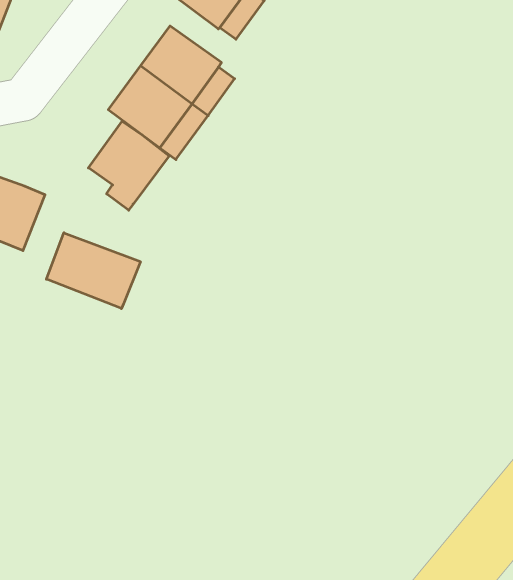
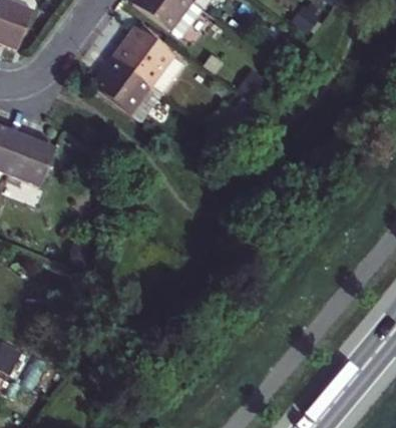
building: [88,121,169,210] -> none
building: [46,233,140,309] -> none

